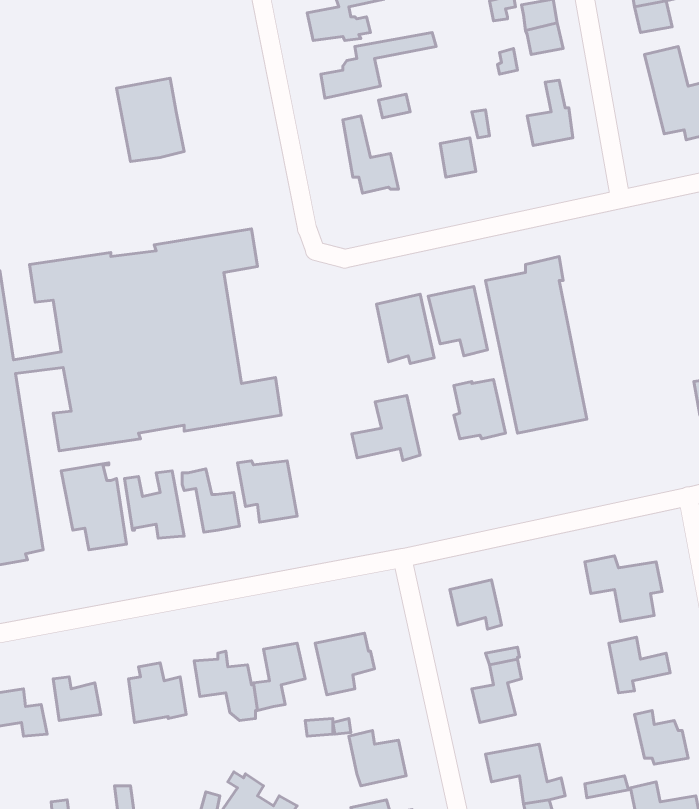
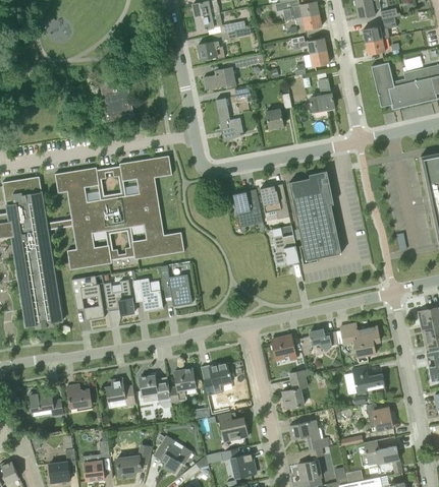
building: [352,395,420,461] -> none
building: none -> [300,328,339,353]

